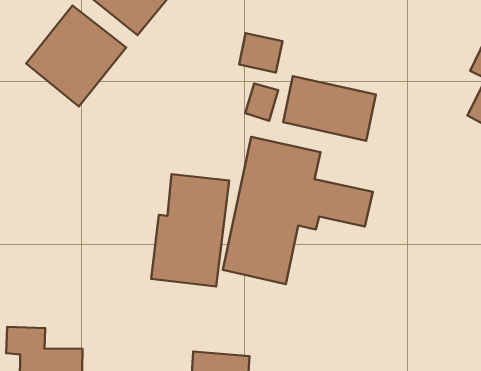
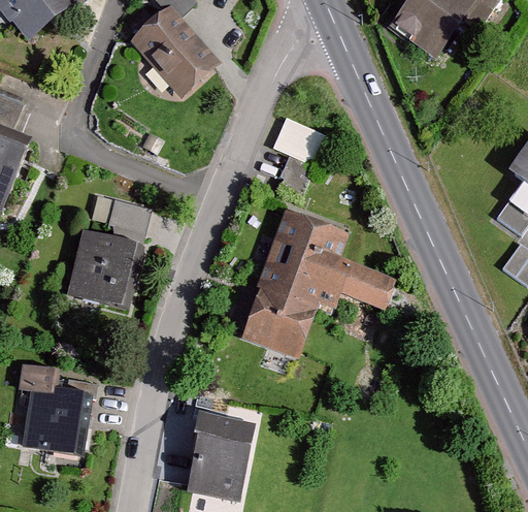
building: [26,6,126,106] -> none
building: [283,76,376,141] -> none
building: [151,174,229,286] -> [66,193,155,309]

